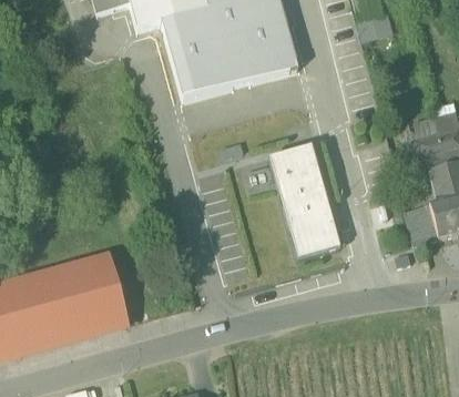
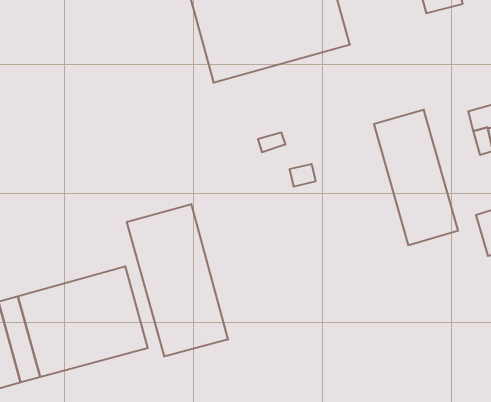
building: [268,144,339,258] -> [374,110,458,245]
building: none -> [127,204,228,357]

